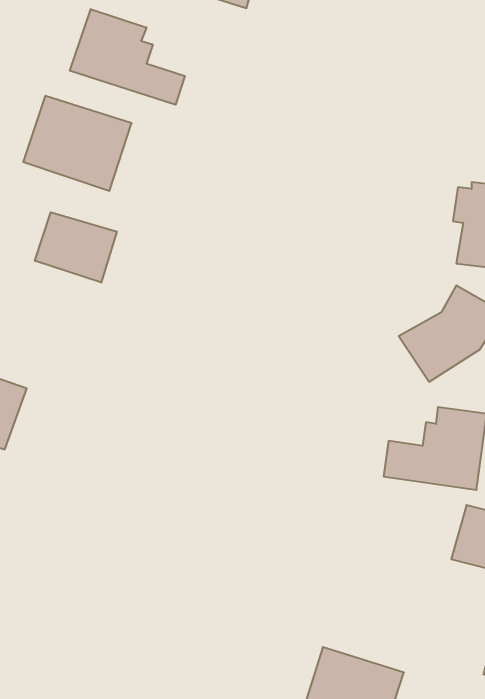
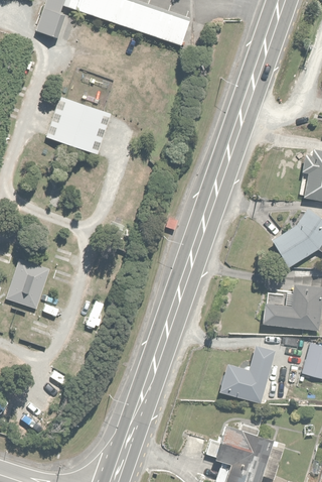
building: [70,9,185,105] -> none
building: [35,212,117,283] -> none
building: none -> [219,344,275,403]

